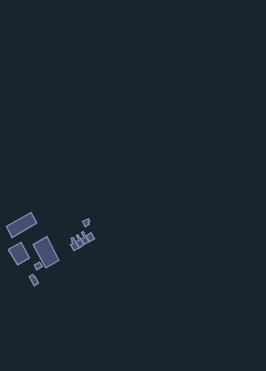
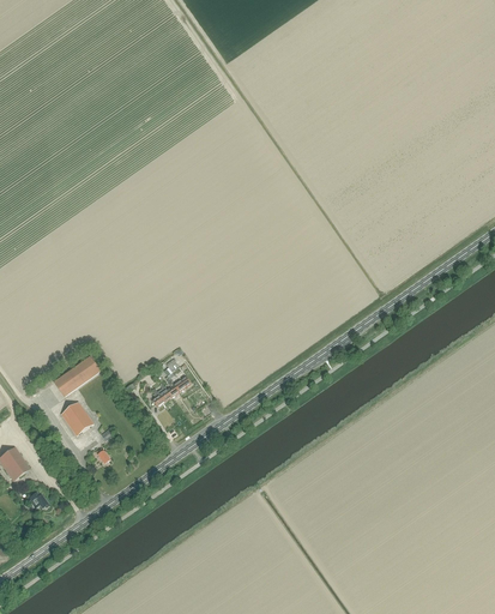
building: [33,236,59,268] -> none

